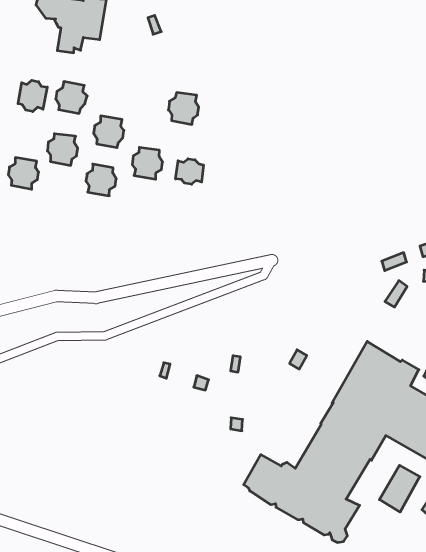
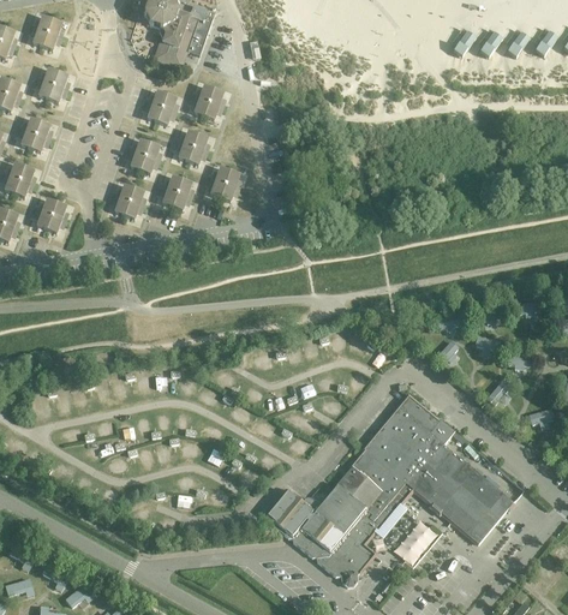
building: [18,80,47,112] -> none
building: [168,93,199,124] -> [193,85,223,119]
building: [8,158,39,189] -> [114,184,144,217]
building: [176,159,203,184] -> none

